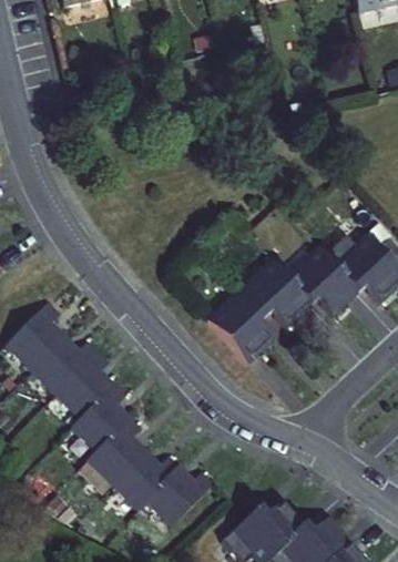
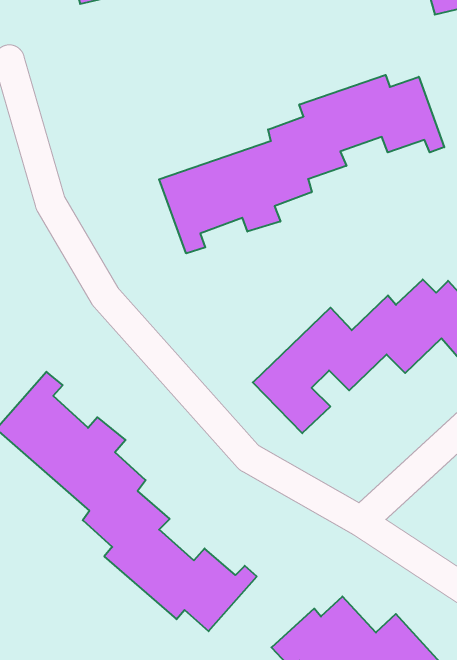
building: none -> [159,75,444,253]

